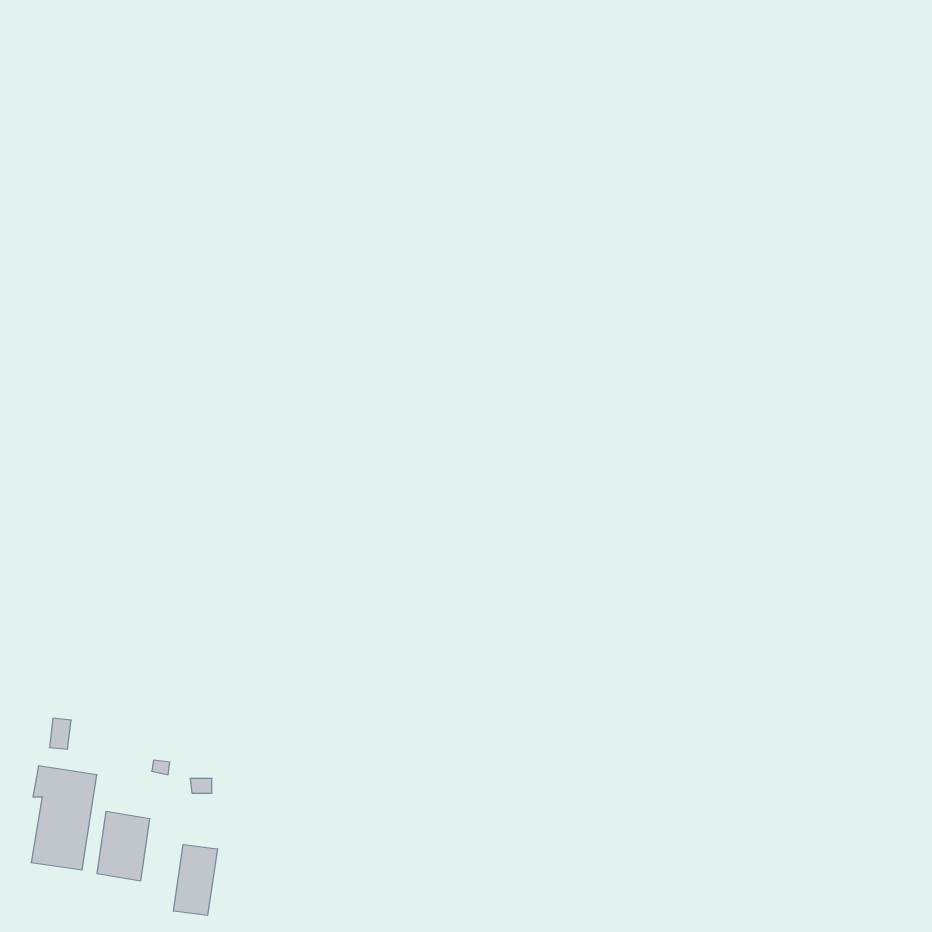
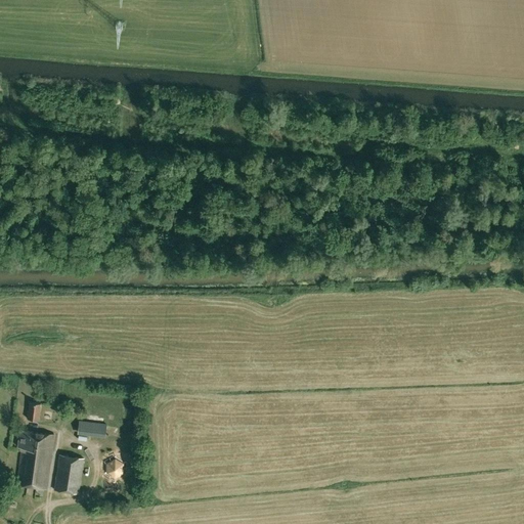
building: [174,845,217,915] -> none

